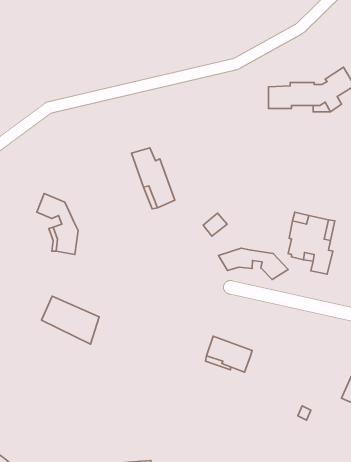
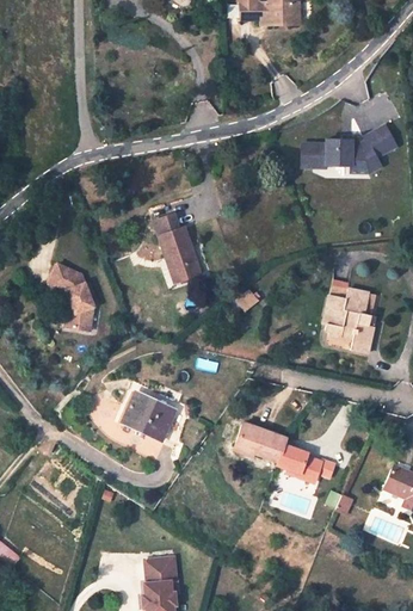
building: [218,248,288,279] -> none
building: [41,296,99,344] -> [123,393,186,445]
building: none -> [276,443,333,480]

